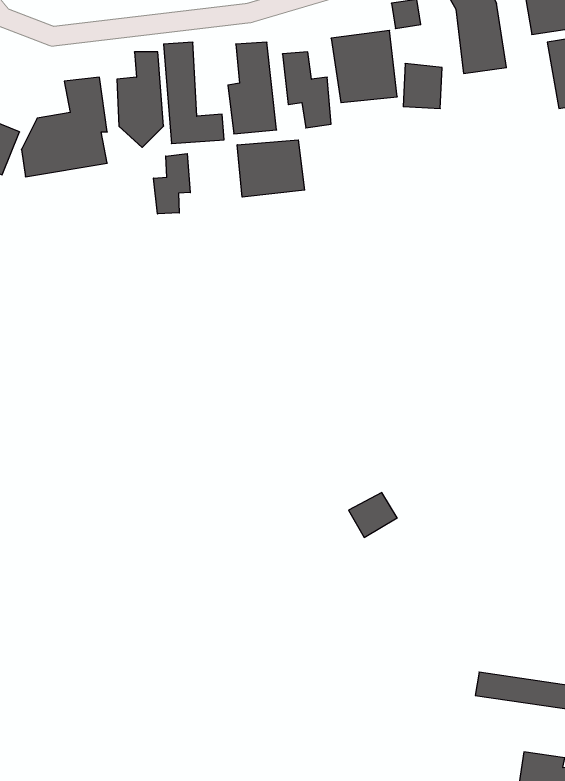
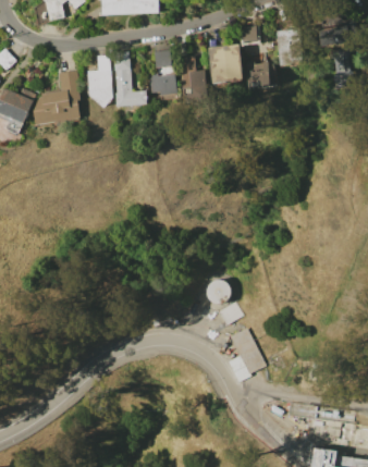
building: [237,140,305,197] -> none
building: [154,154,190,214] -> none
building: none -> [205,279,229,303]
building: none -> [228,328,266,383]

